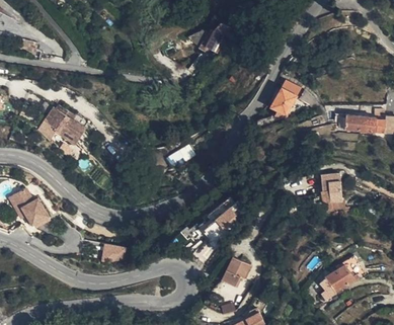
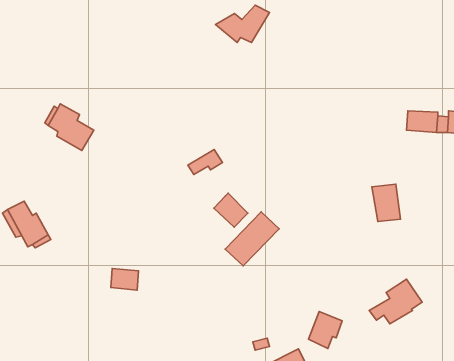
building: [268,82,297,111] -> none
building: none -> [214,193,248,227]
building: [223,258,251,290] -> [308,311,342,349]

